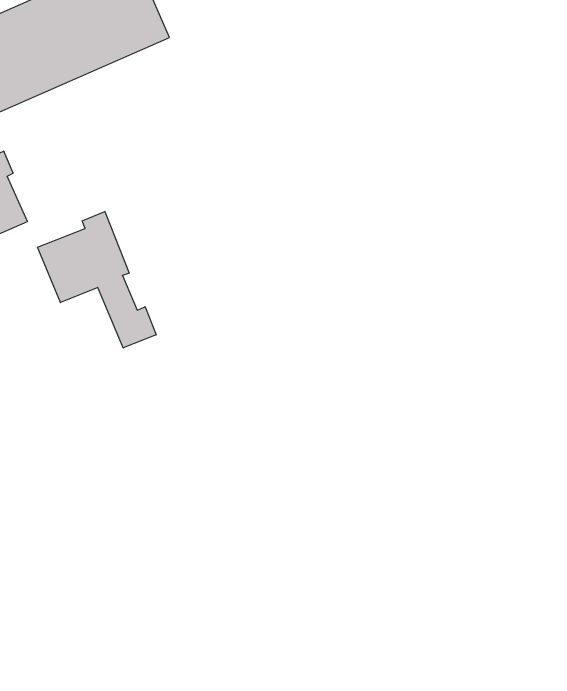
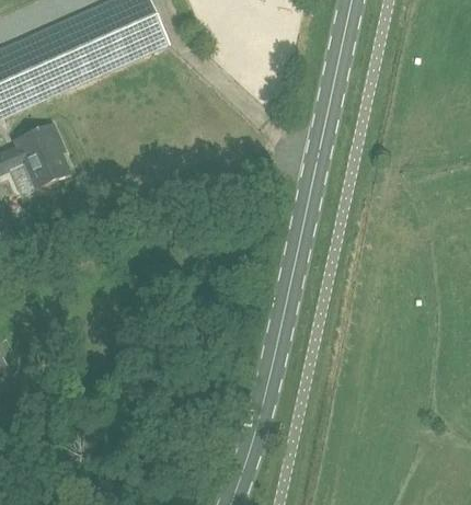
building: [38,211,156,348] -> none

